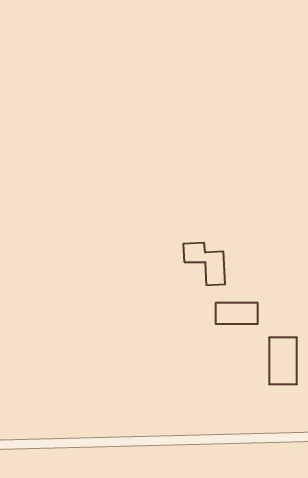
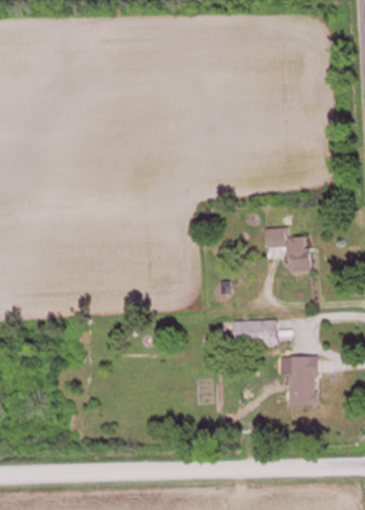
building: [183,243,225,285] -> [264,227,309,271]

